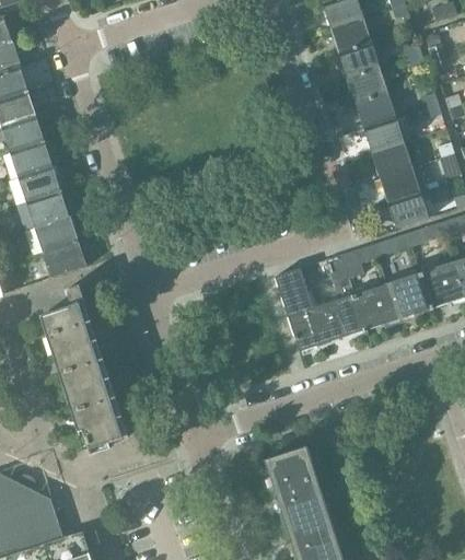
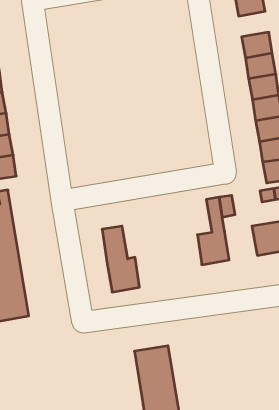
building: [330,16,371,52] -> none
building: [275,268,332,351] -> [102,226,139,292]
building: [353,283,398,329] -> none

